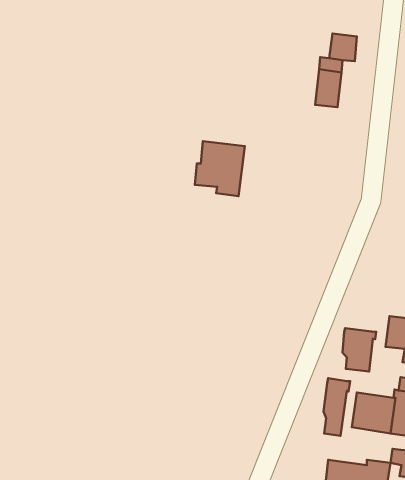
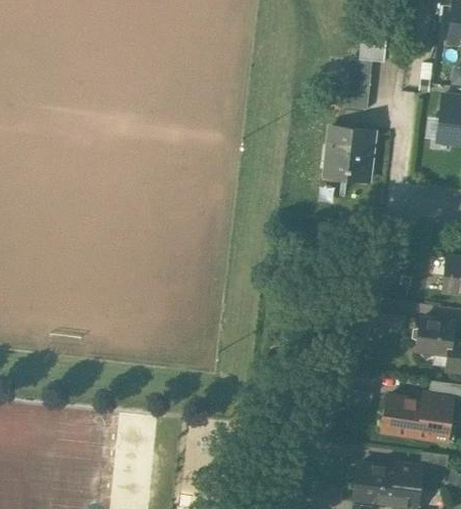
building: [195,141,245,196] -> [324,128,374,183]
building: [343,328,376,372] -> none
building: [324,378,350,436] -> none

